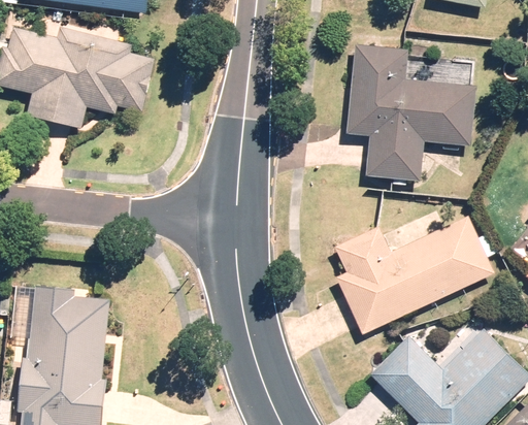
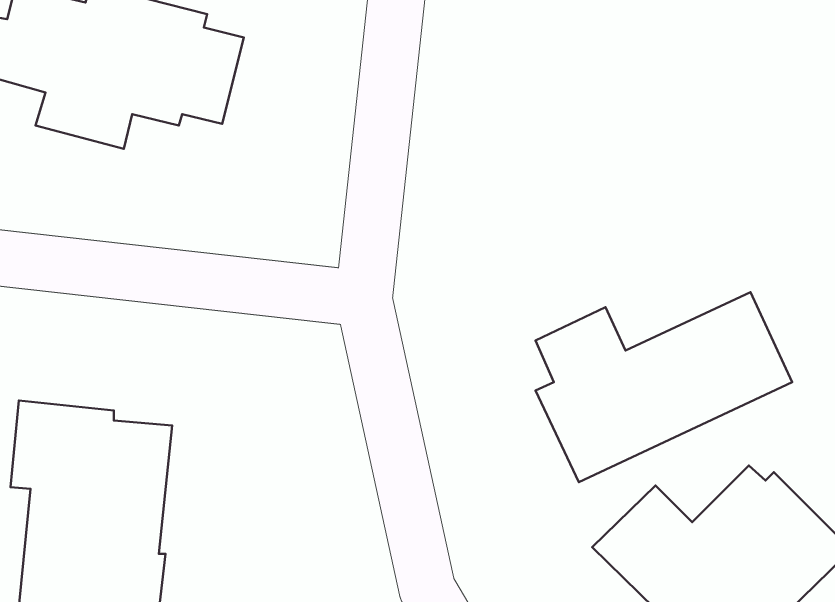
building: [346,44,476,181] -> none

